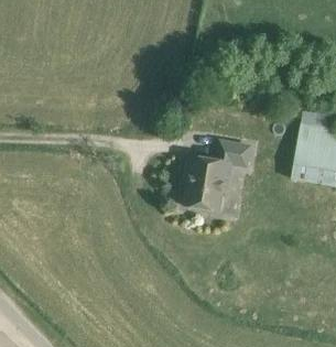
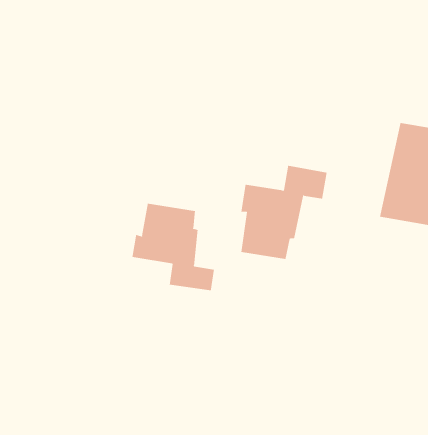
building: none -> [132,203,215,291]

